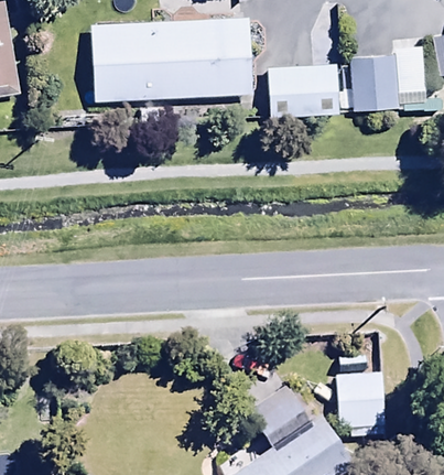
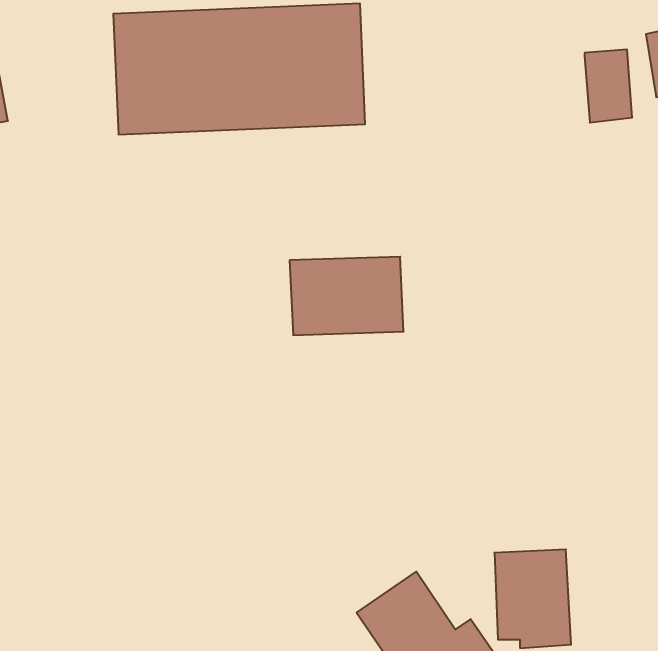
building: [348,52,399,111] -> none
building: [267,66,340,117] -> [290,257,404,335]

